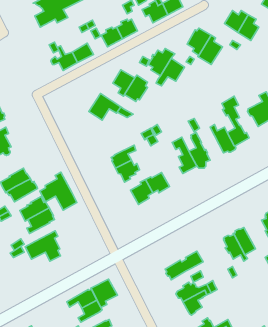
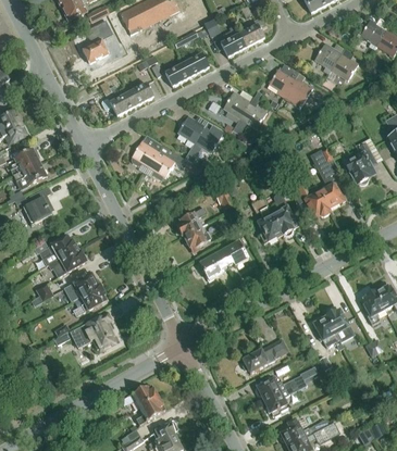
building: none -> [131,134,162,165]
building: [40,172,77,210] -> none
building: [91,279,117,307] -> none

